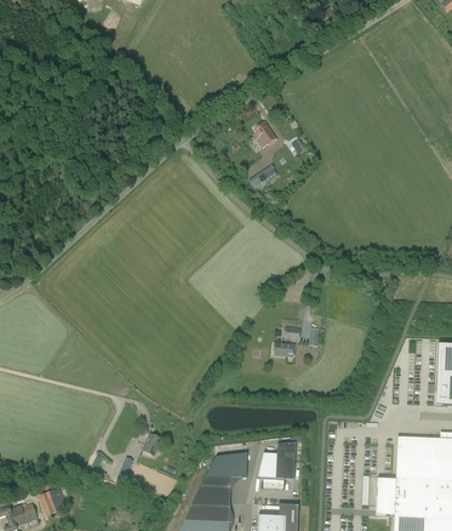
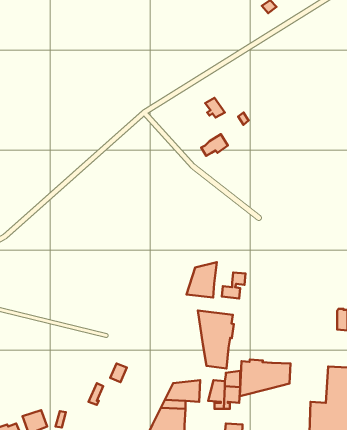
building: none -> [187,262,217,298]
building: none -> [198,311,234,368]
building: none -> [240,359,291,396]

